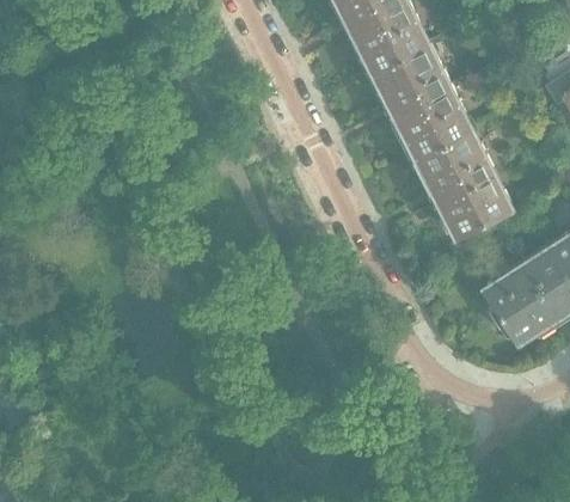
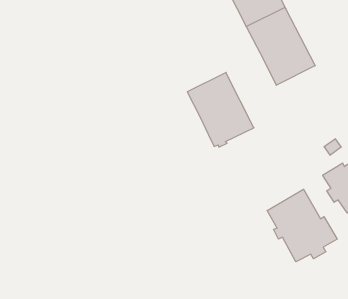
building: [413,128,511,238] -> [187,72,254,147]
building: none -> [267,189,337,262]

